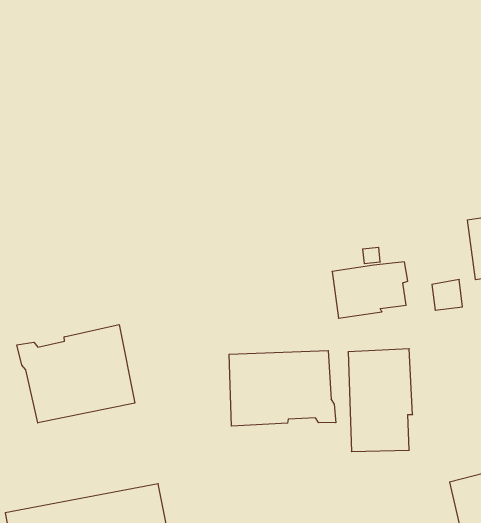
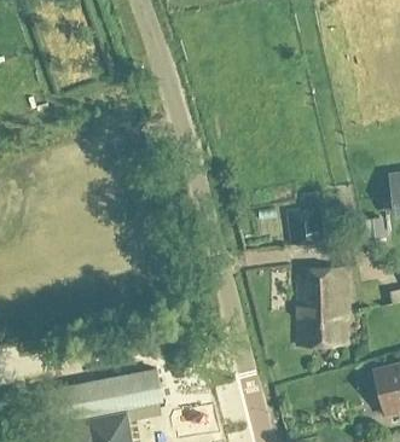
building: [17,325,135,423] -> none
building: [229,351,336,426] -> none

